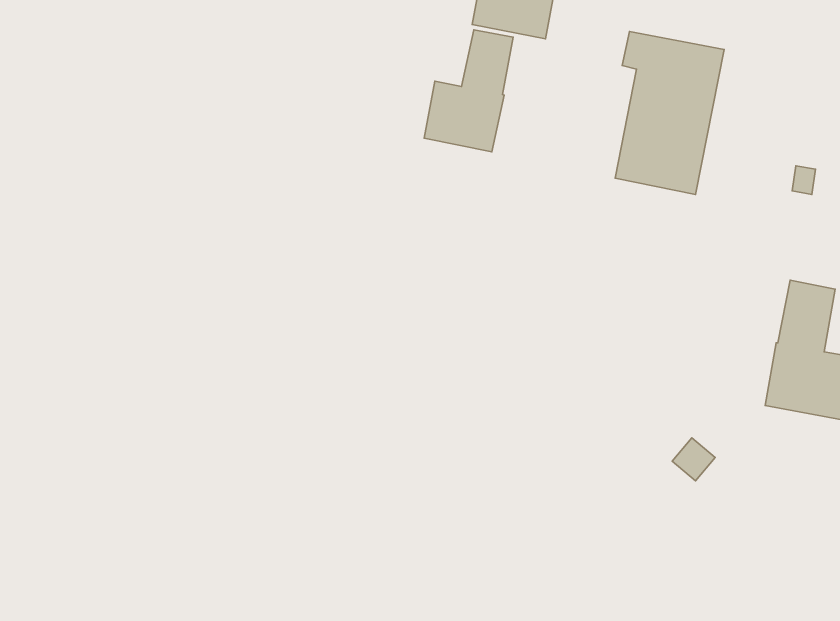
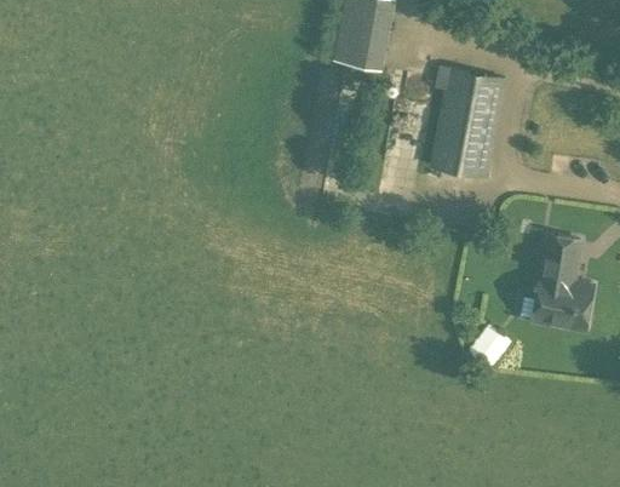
building: [424,30,513,152] -> none

